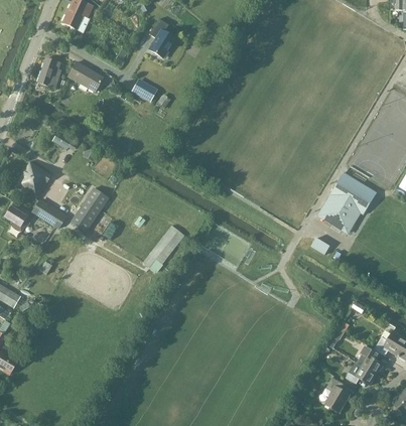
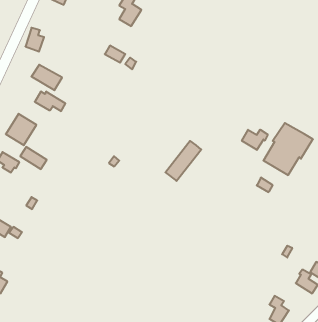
building: [67,61,104,92] -> [31,65,62,90]
building: none -> [242,130,268,150]
building: [70,187,109,232] -> none
building: [142,225,184,272] -> [165,141,201,181]
building: [347,362,377,385] -> none

